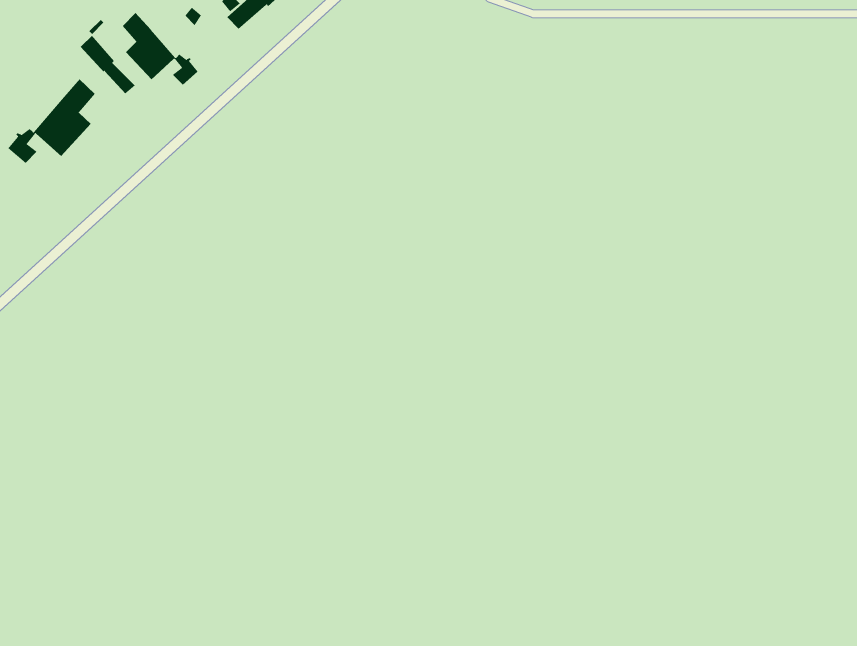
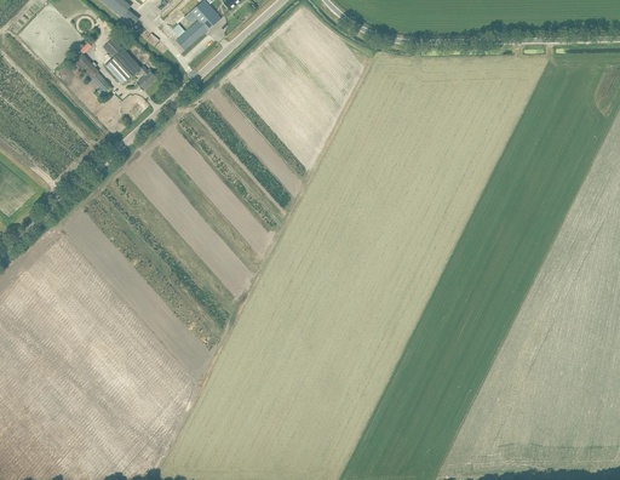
building: [7,79,95,164] -> none

